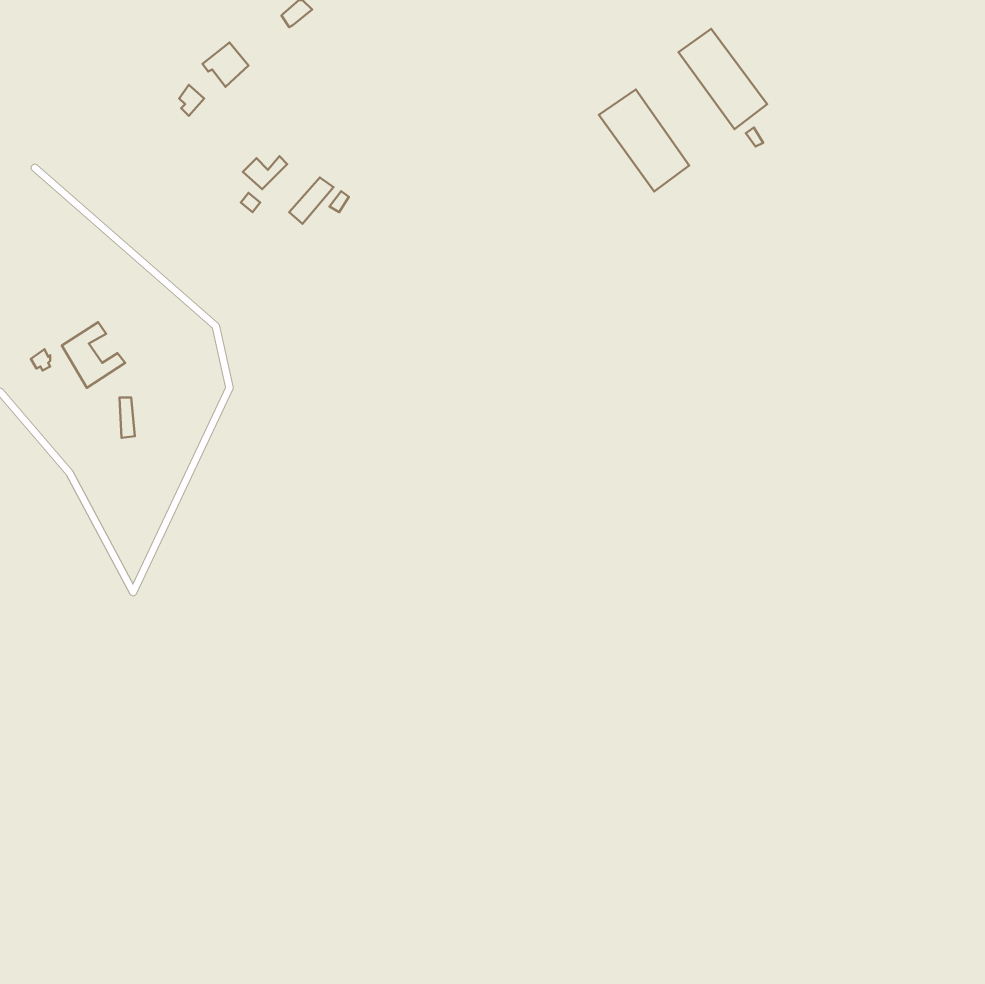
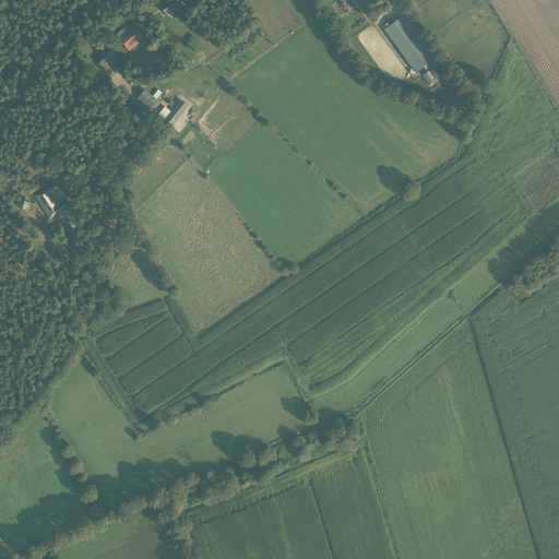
building: [599,89,689,192] -> none

